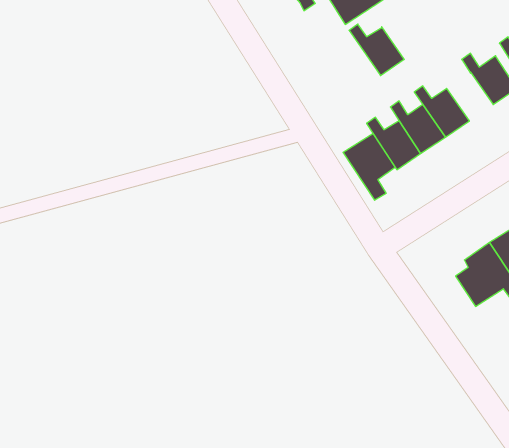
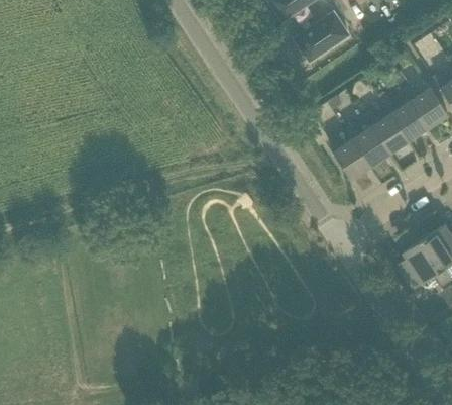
building: [349,24,404,76] -> [385,98,430,139]
building: [343,133,395,200] -> none

